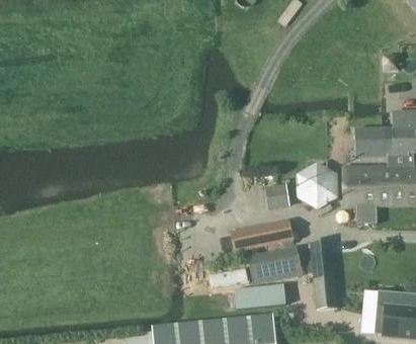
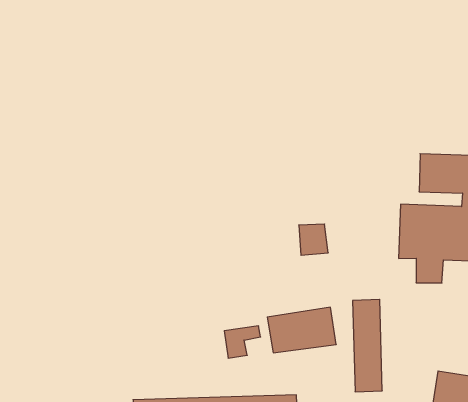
building: [296,162,340,202] -> none
building: [230,220,293,252] -> none
building: [234,284,283,309] -> none

